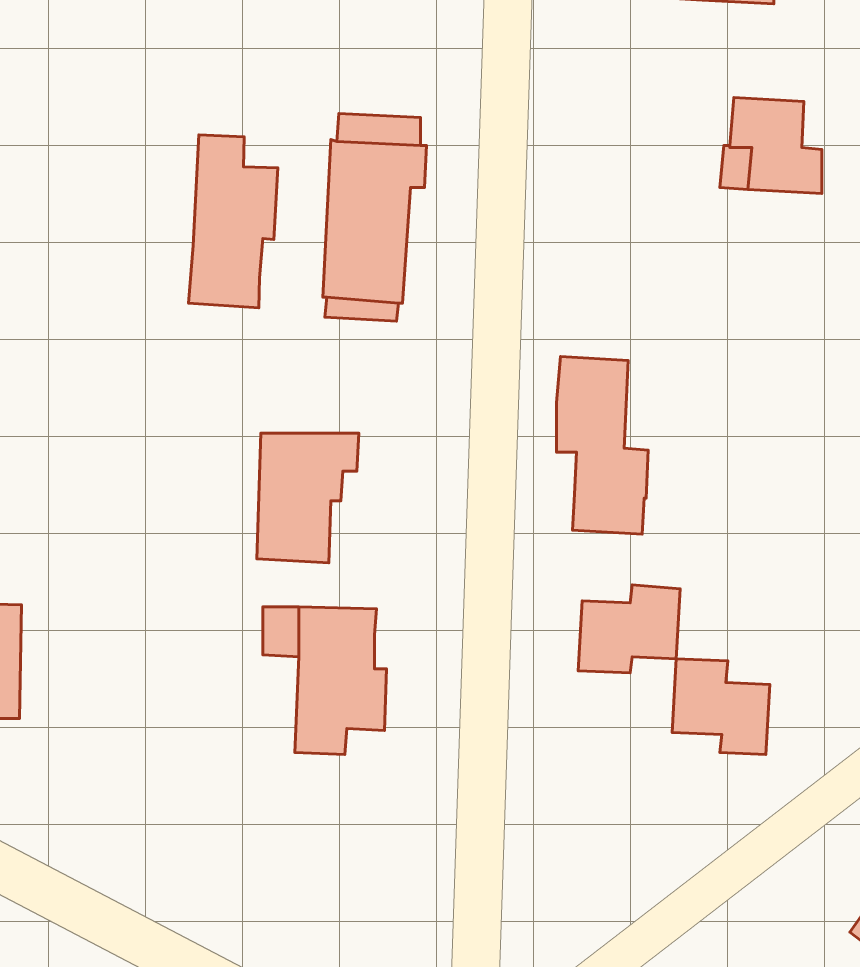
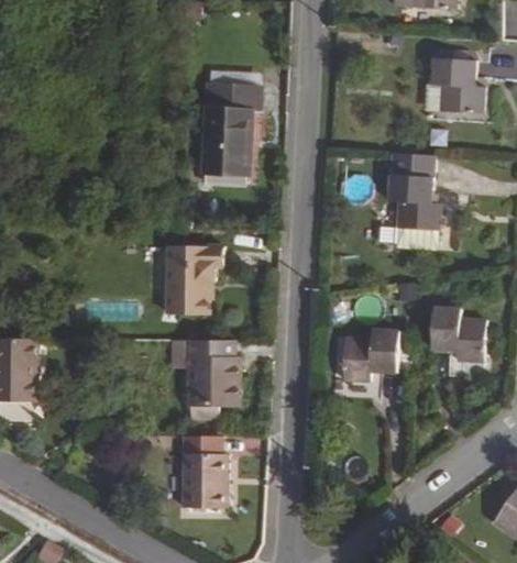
building: [188,135,278,308] -> none
building: [556,356,648,534] -> [387,153,438,251]
building: [672,659,770,755] -> [432,308,486,361]
building: none -> [183,431,233,507]

